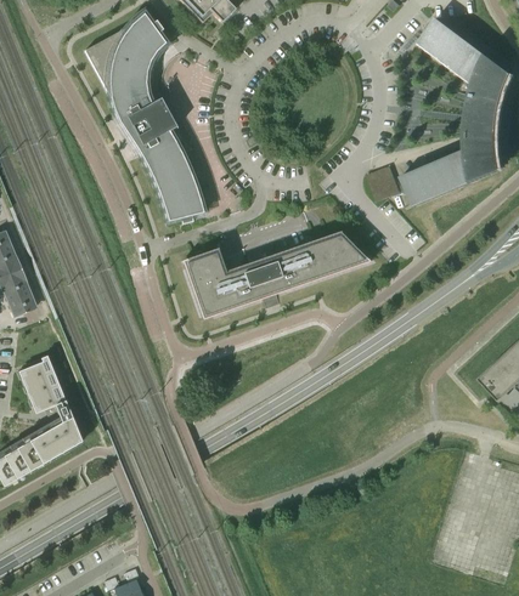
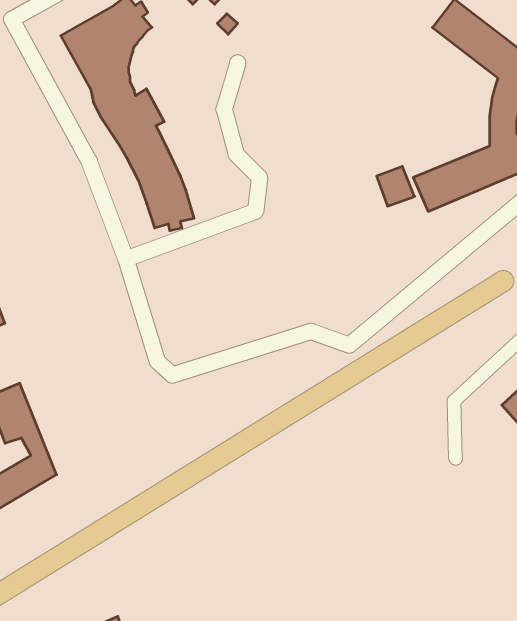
building: [182,231,371,319] -> none

